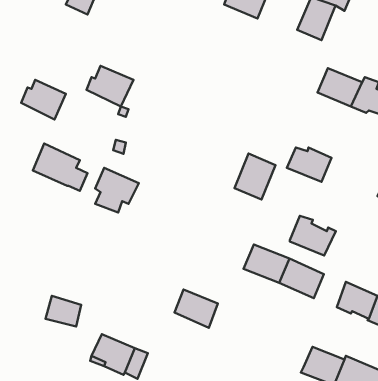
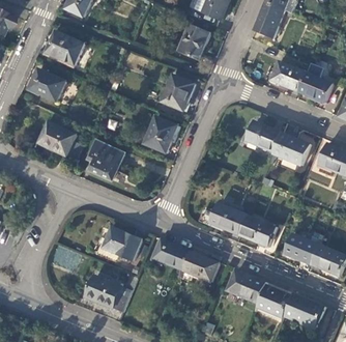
building: none -> [177,24,210,59]
building: [86,66,134,107] -> [46,32,84,65]
building: none -> [161,75,195,111]
building: [235,154,275,200] -> [144,115,177,152]
building: [290,216,336,256] -> [272,133,310,165]
building: none -> [102,227,141,261]
building: none -> [181,251,218,282]
building: none -> [227,270,266,303]

